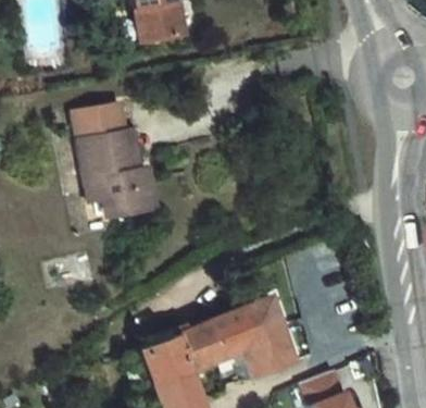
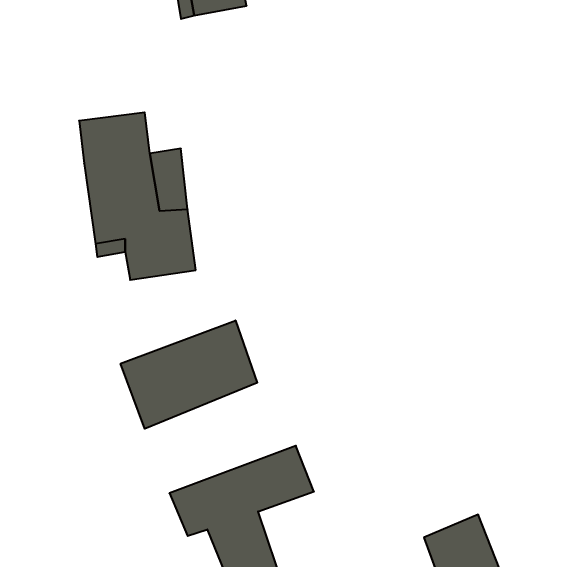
building: none -> [121,320,257,429]
building: [217,300,302,382] -> none

